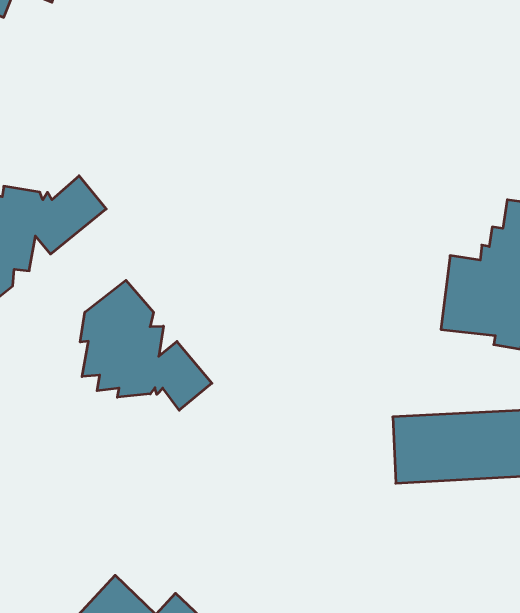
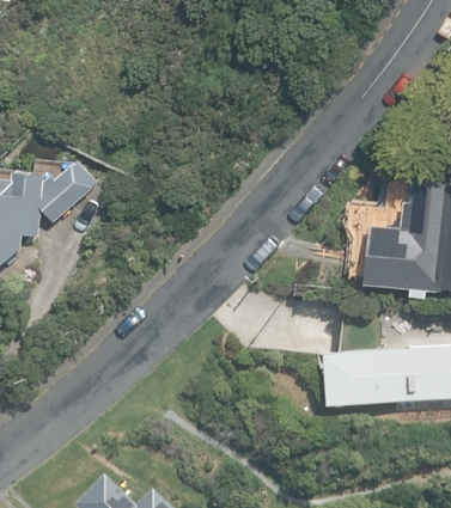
building: [80,280,212,410] -> none

